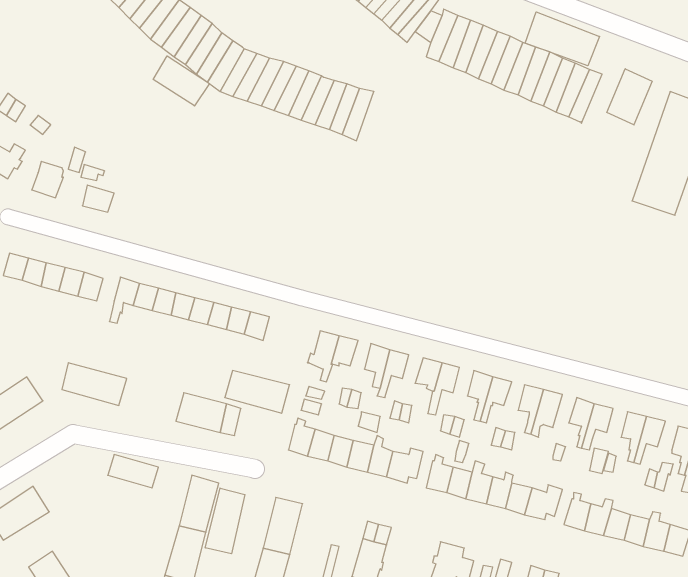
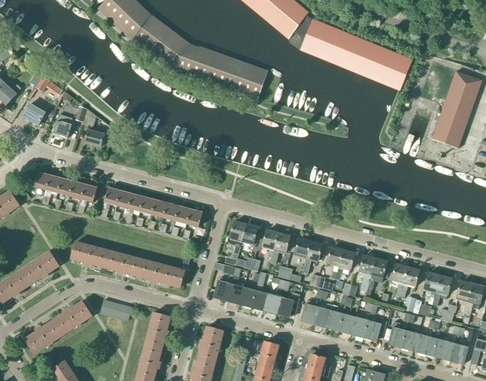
building: [525,12,600,66] -> none
building: [153,56,209,106] -> none
building: [607,69,652,125] -> none
building: [225,371,290,413] -> [107,251,148,278]
building: none -> [53,300,92,335]
building: [205,488,245,554] -> none

